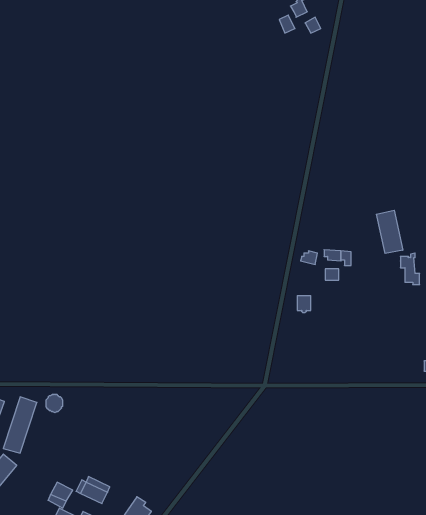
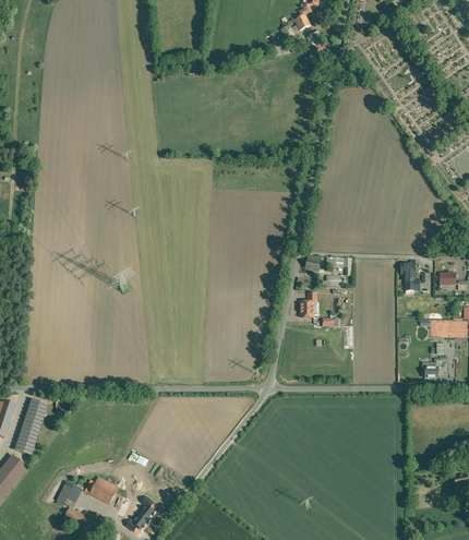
building: [376,210,403,253] -> none

